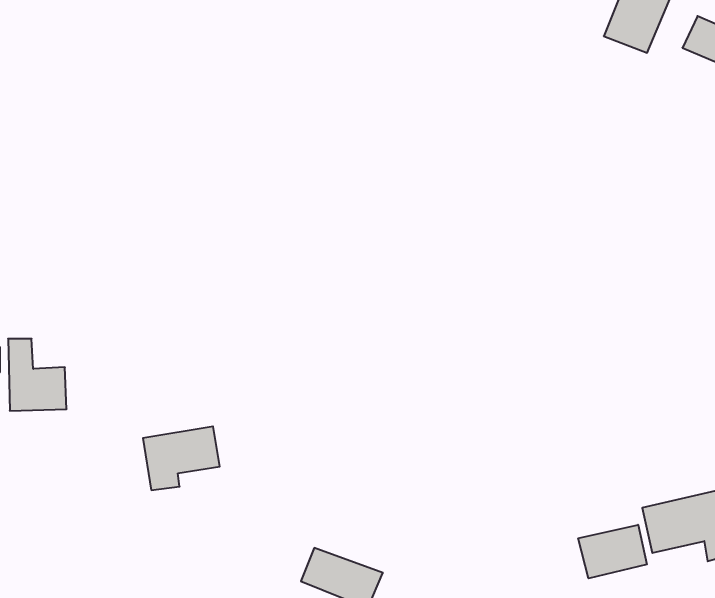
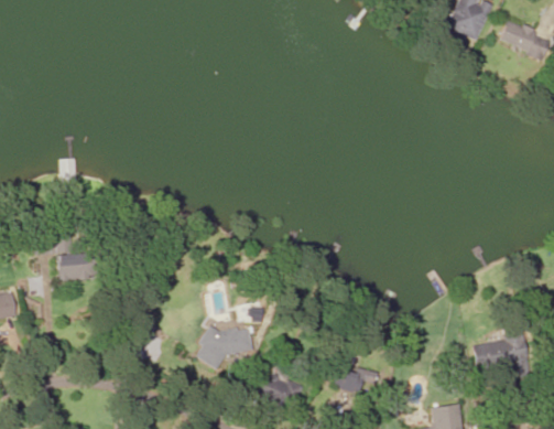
building: [143,426,220,490] -> [200,324,251,366]
building: [578,525,647,578] -> none
building: none -> [334,368,373,394]

